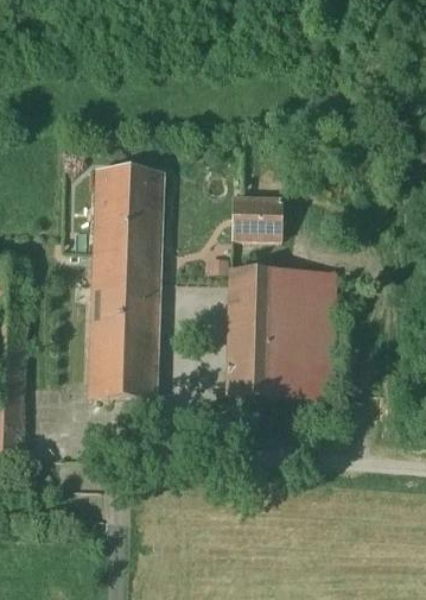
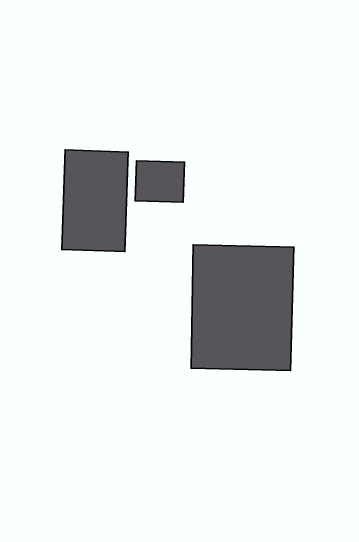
building: [231,196,282,239] -> [135,161,184,202]
building: [89,271,159,399] -> none

